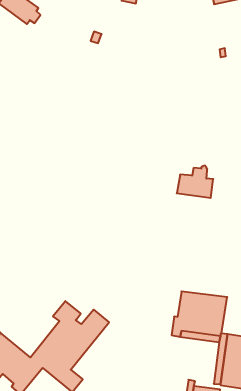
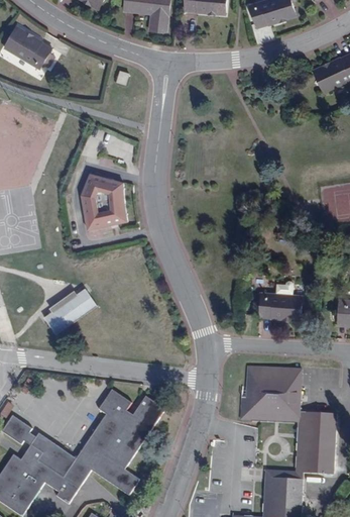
building: none -> [81,168,128,230]
building: [177,166,213,198] -> [259,281,301,318]
building: none -> [42,288,96,334]

